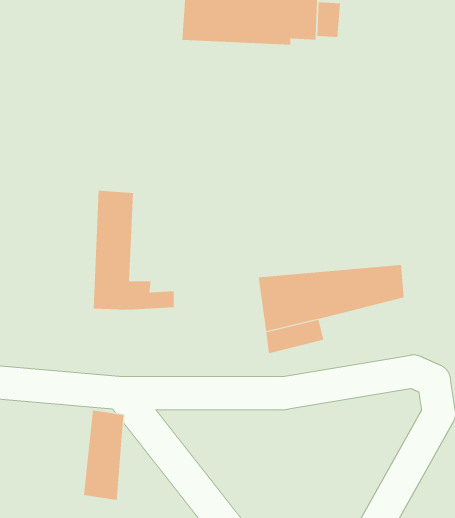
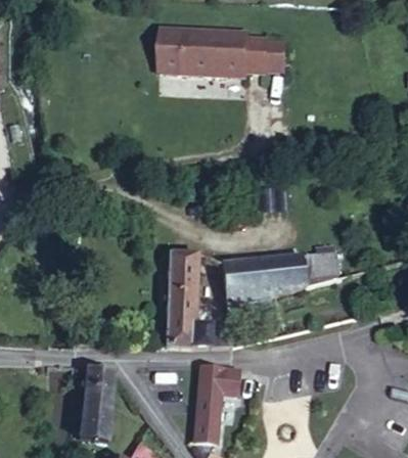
building: [93,190,174,310] -> [166,250,231,347]
building: none -> [195,364,239,443]

